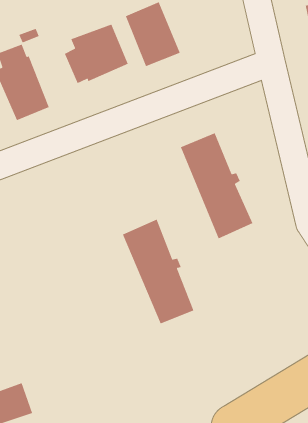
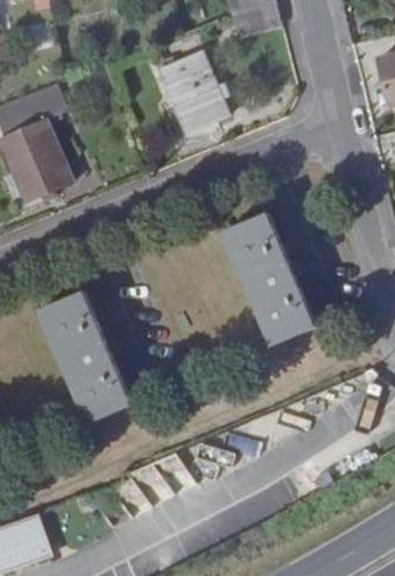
building: [64,23,129,84] -> none
building: [122,218,195,325] -> [42,292,131,421]

